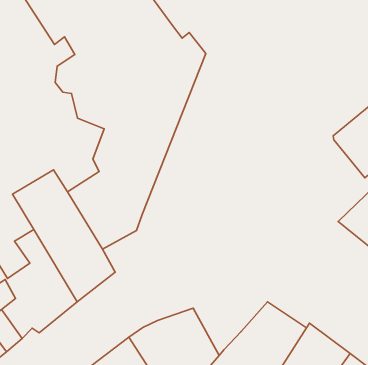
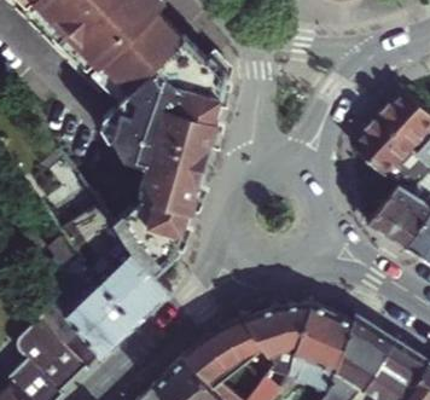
building: none -> [244,307,314,364]

